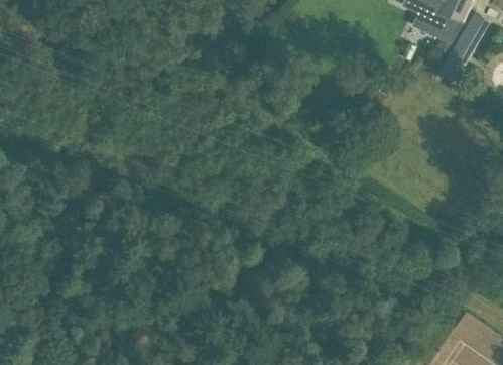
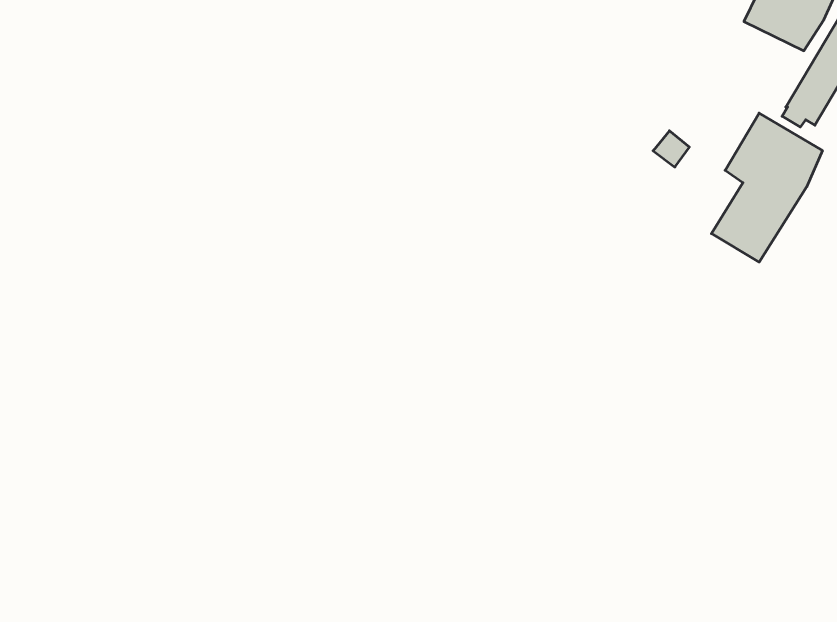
building: none -> [711,113,822,262]

